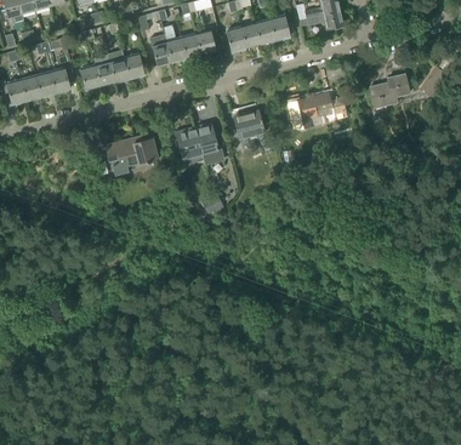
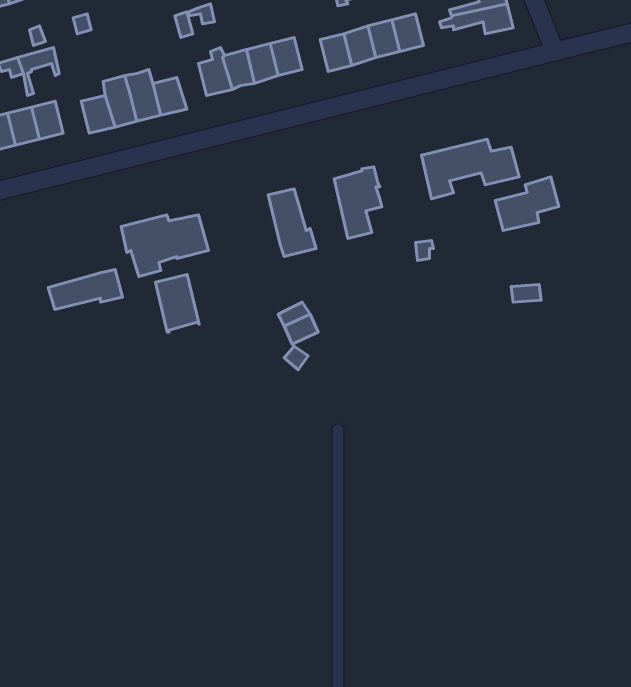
building: [370,73,409,105] -> [495,177,559,230]
building: [175,126,201,161] -> [155,274,199,332]
building: none -> [48,270,122,309]

